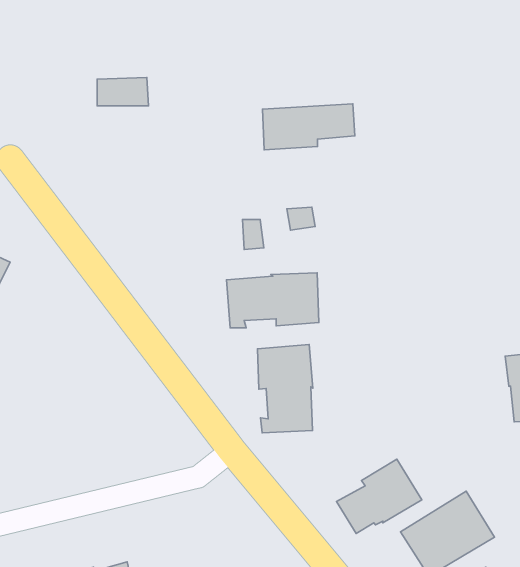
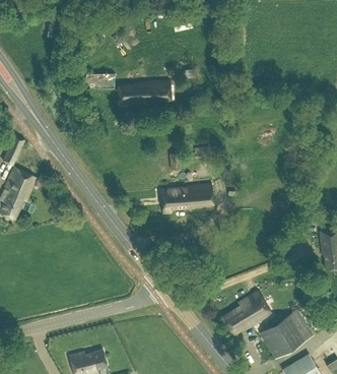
building: [262,104,355,150] -> [118,80,171,107]
building: [257,345,313,433] -> none

